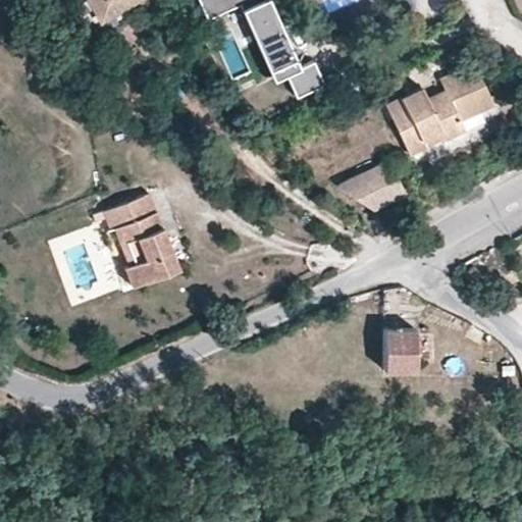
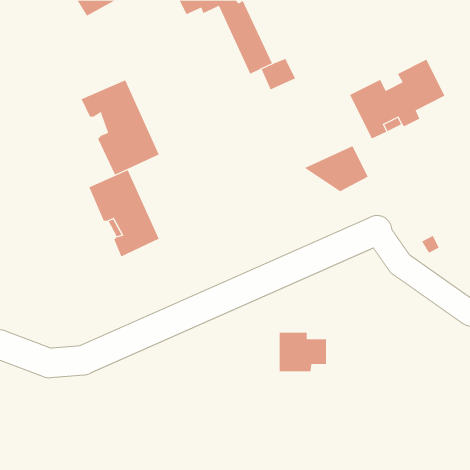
building: none -> [81,80,159,175]
building: [379,326,432,370] -> [279,332,327,372]

